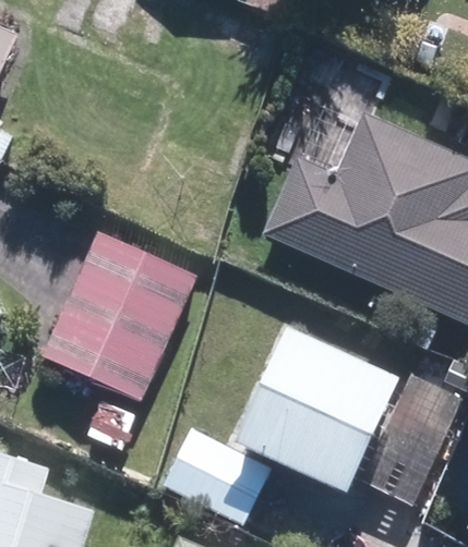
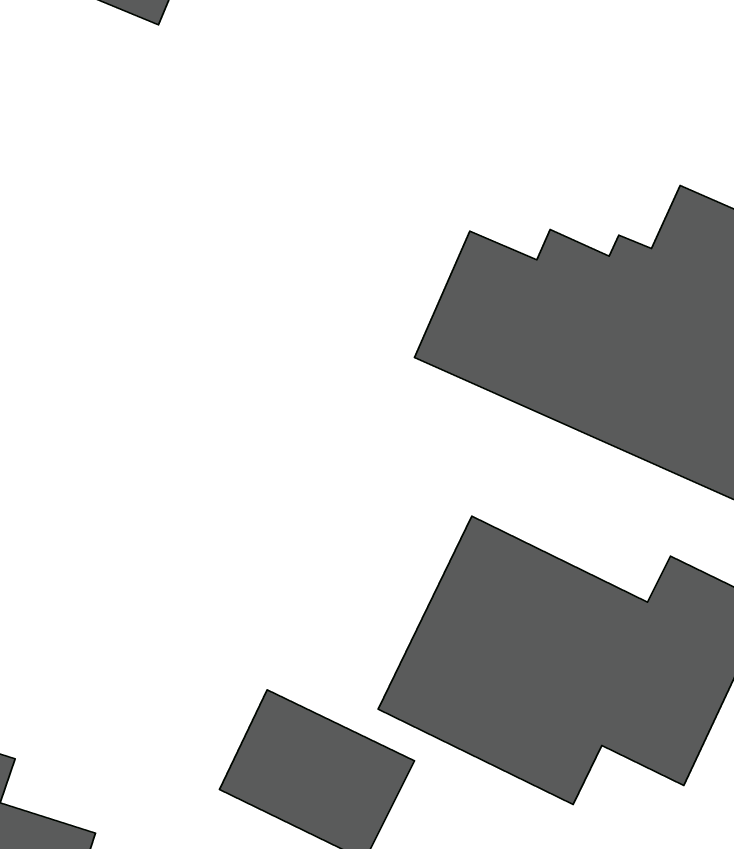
building: [39,232,192,401] -> none

